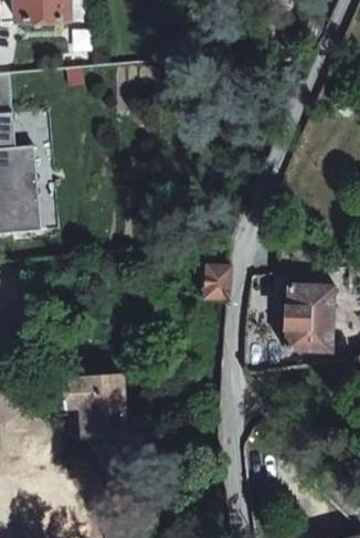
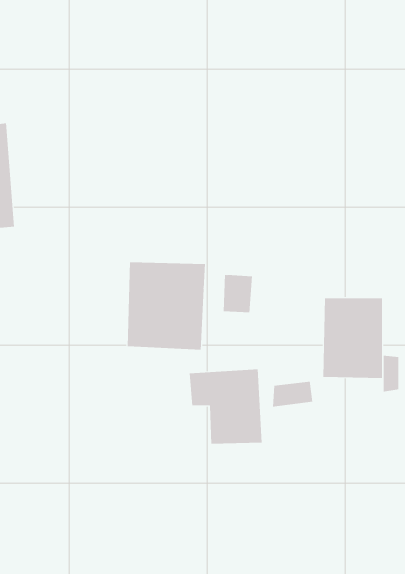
building: none -> [127,261,205,351]
building: [64,373,124,434] -> [189,369,263,444]

